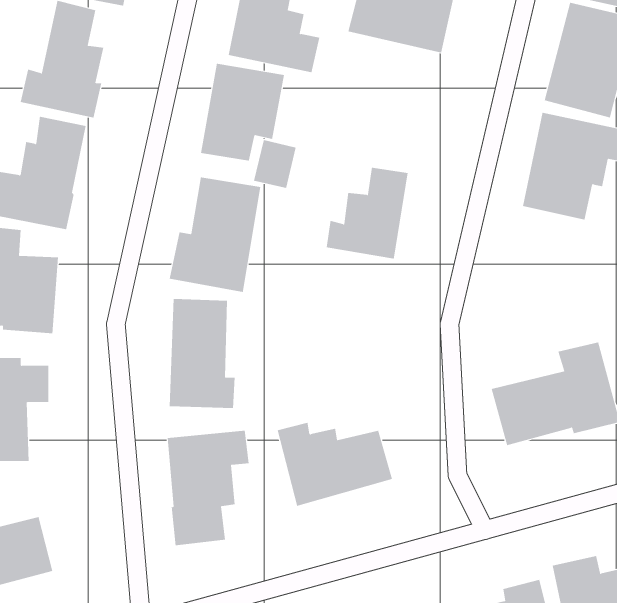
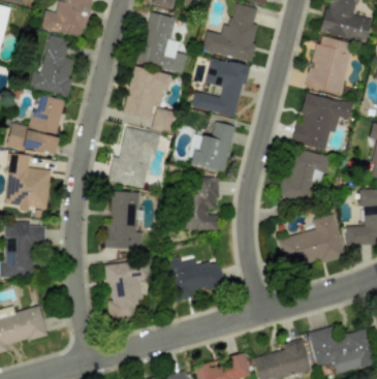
building: none -> [192,58,248,117]
building: none -> [278,148,328,202]
building: none -> [183,177,219,230]

